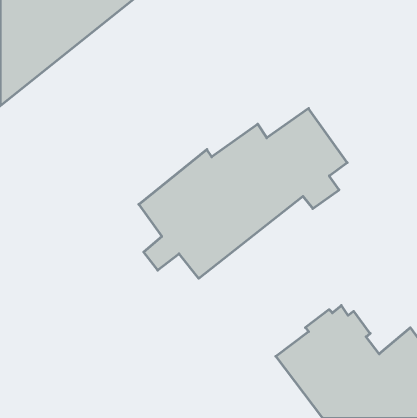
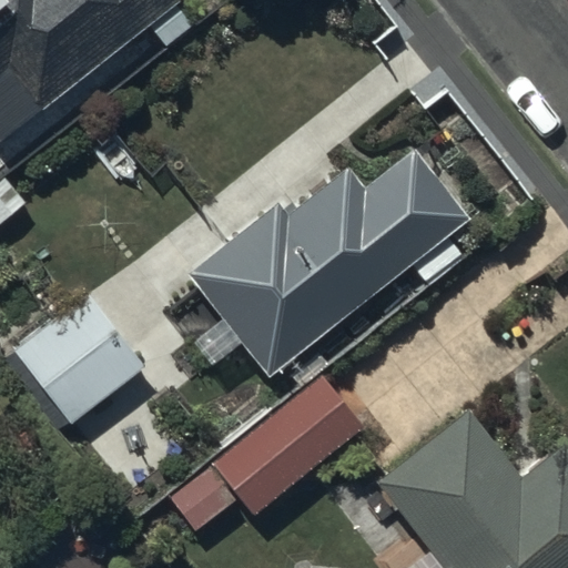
building: none -> [13,294,145,424]
building: none -> [169,375,361,529]

